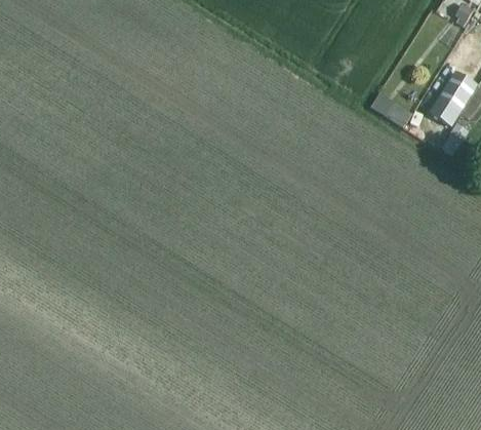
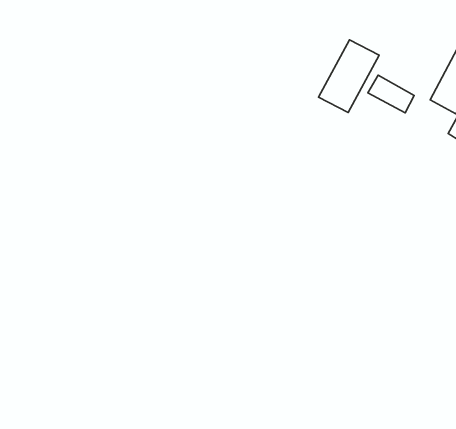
building: none -> [319,40,379,113]

